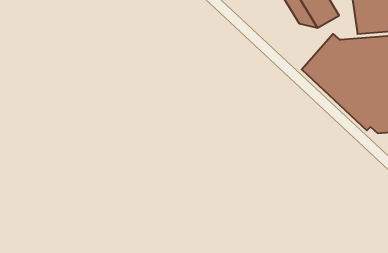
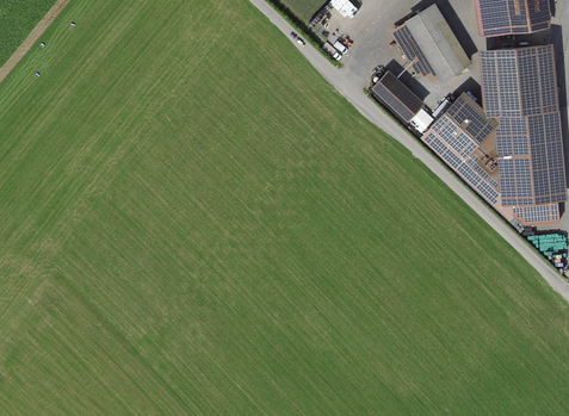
building: none -> [370,68,425,120]

